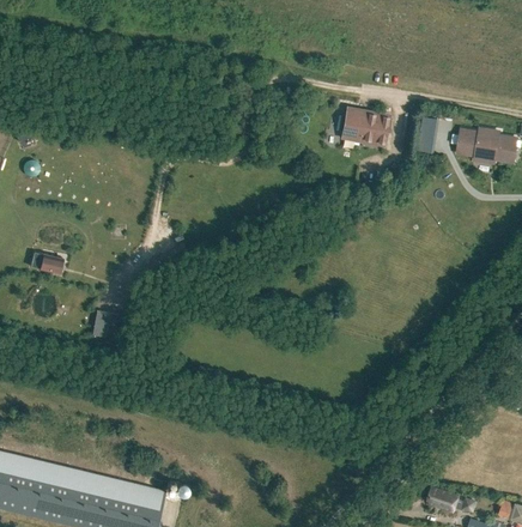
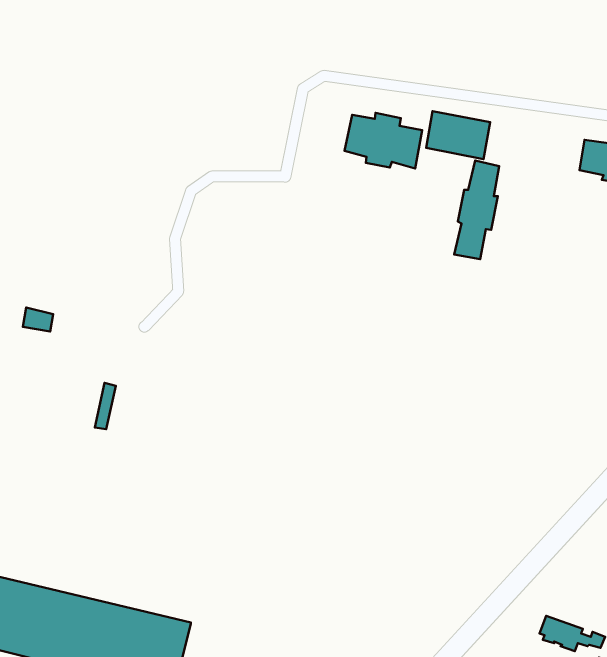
building: none -> [344,113,422,168]
building: none -> [454,160,499,259]

